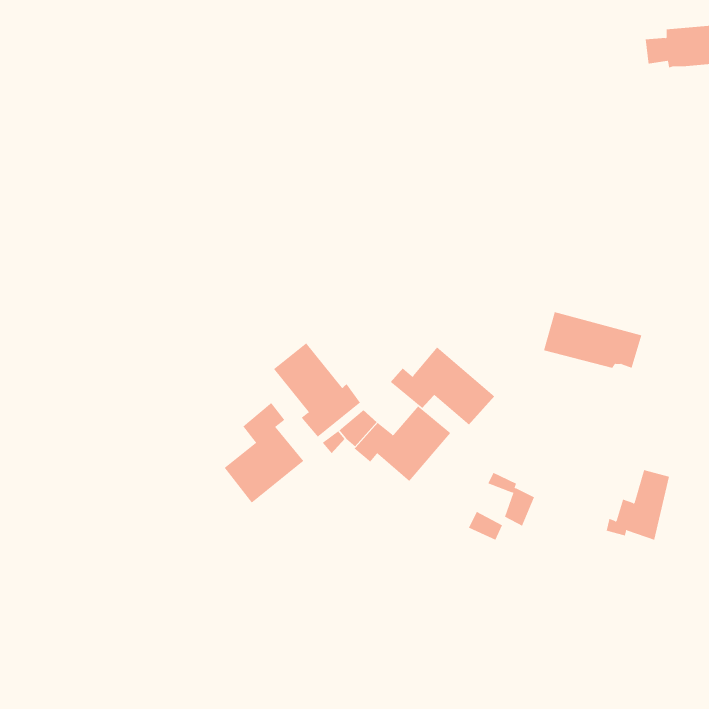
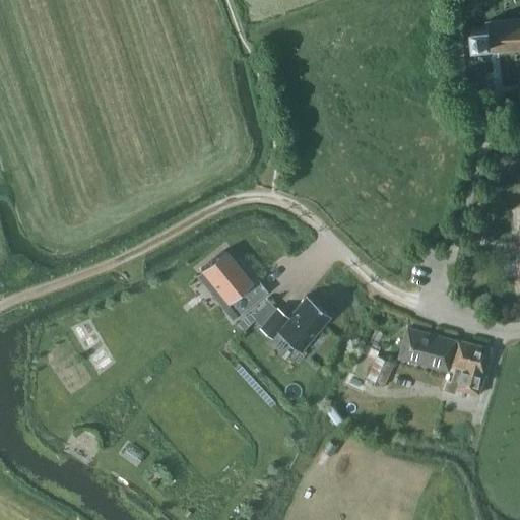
building: [543,311,642,369] -> [399,327,471,369]
building: [390,346,495,425] -> none
building: [224,402,304,503] -> none

